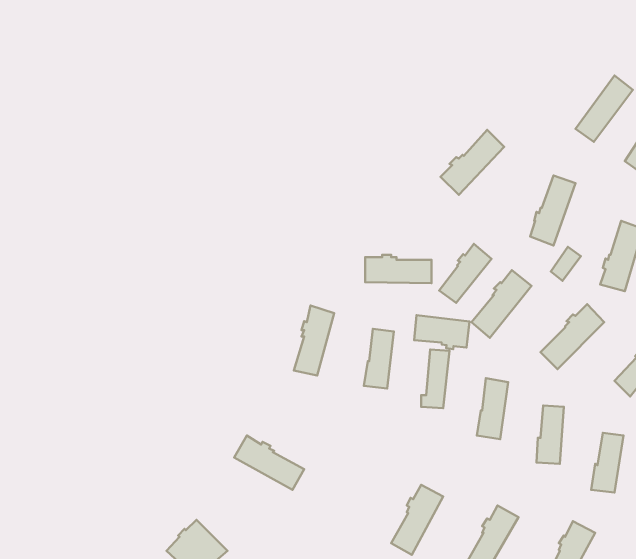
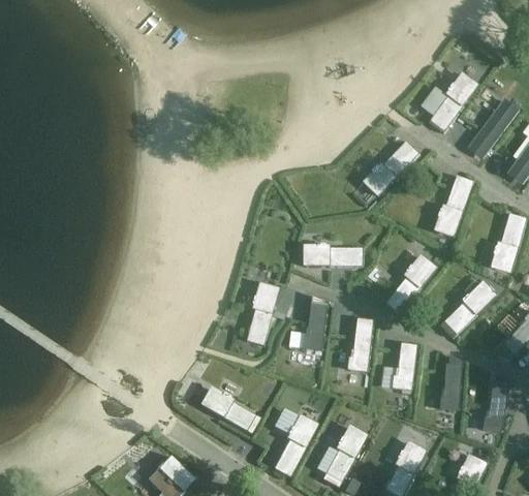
building: none -> [432,73,477,127]
building: [439,244,491,303] -> none
building: [414,315,470,349] -> none
building: none -> [275,415,316,471]

